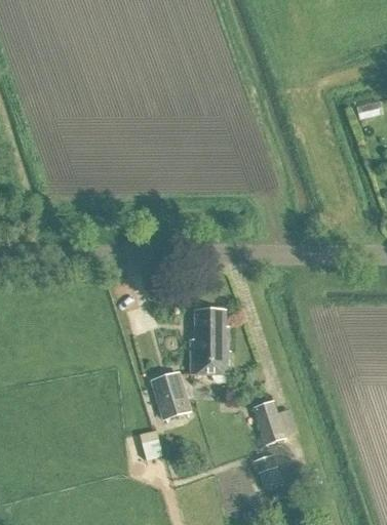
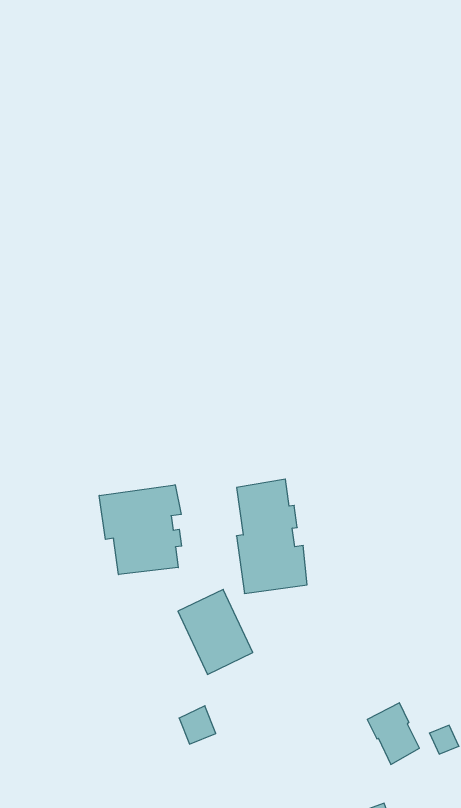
building: none -> [99,485,182,575]
building: [255,401,284,442] -> none

